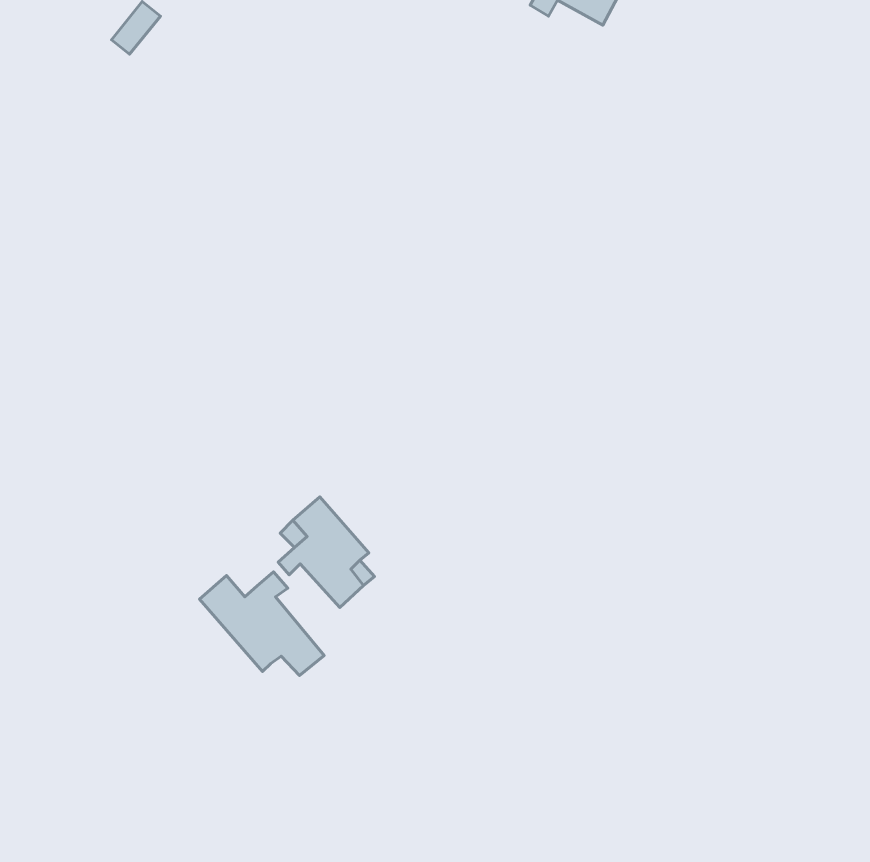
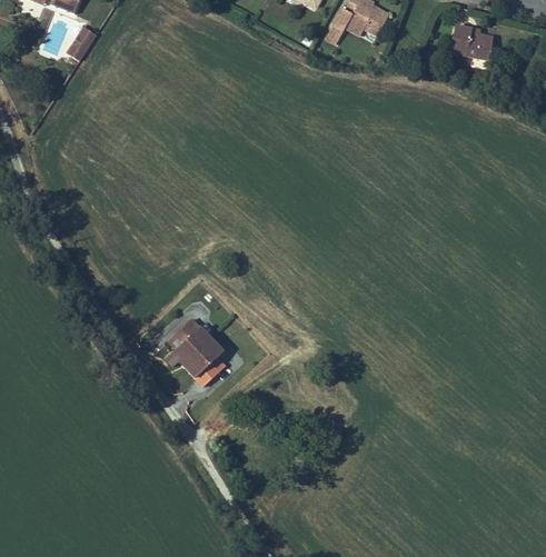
building: none -> [450,26,493,57]
building: [200,572,324,675] -> none

